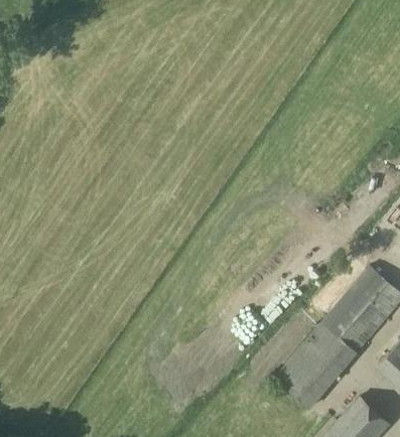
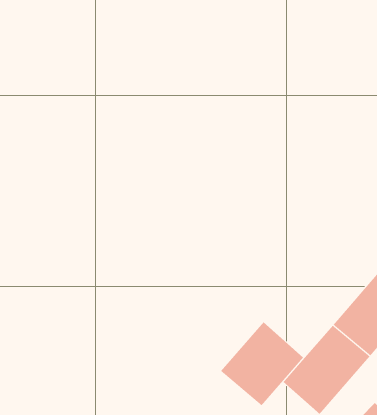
building: none -> [220,322,304,406]

